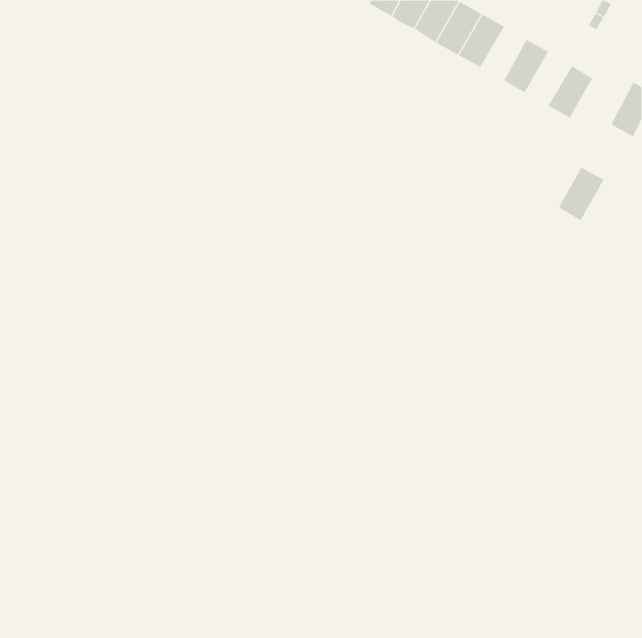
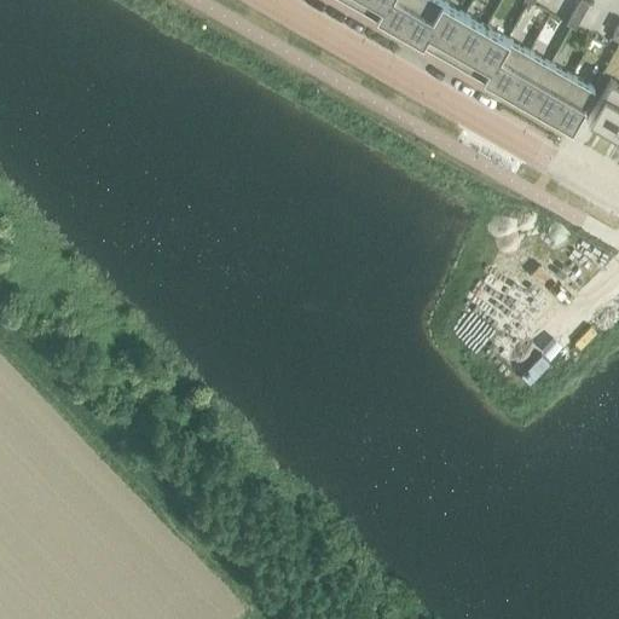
building: none -> [462,30,505,82]
building: none -> [504,54,549,106]
building: [558,167,605,221] -> [548,80,592,132]

